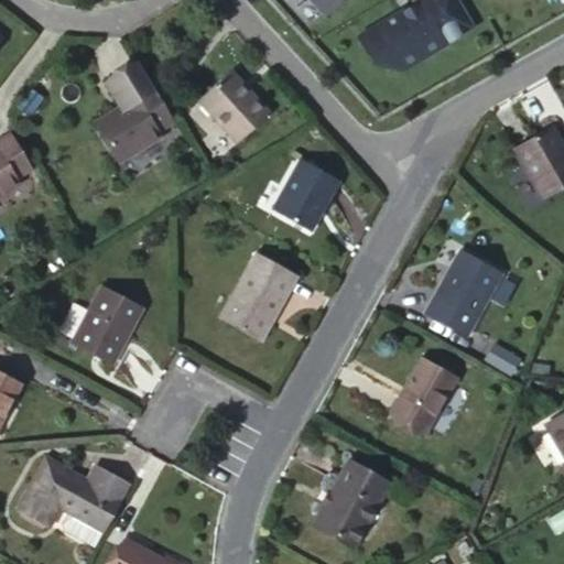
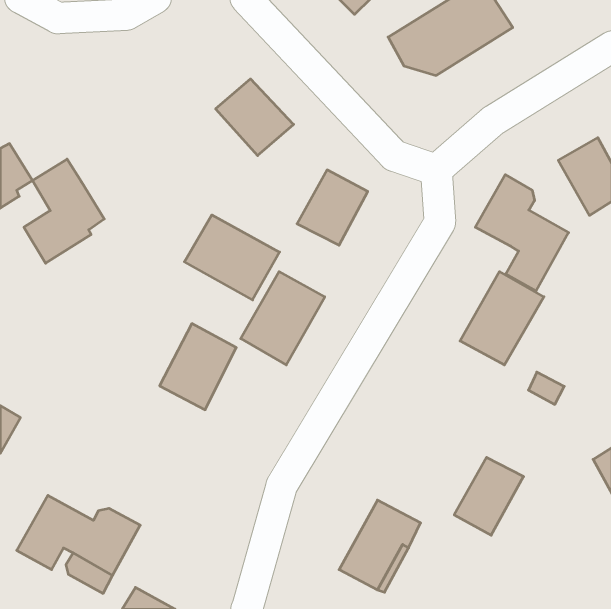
building: [98,64,172,160] -> [24,159,104,263]
building: none -> [475,175,569,291]
building: none -> [184,215,280,300]
building: [70,286,141,366] -> [160,324,236,410]
building: [391,360,455,432] -> [454,457,524,535]

